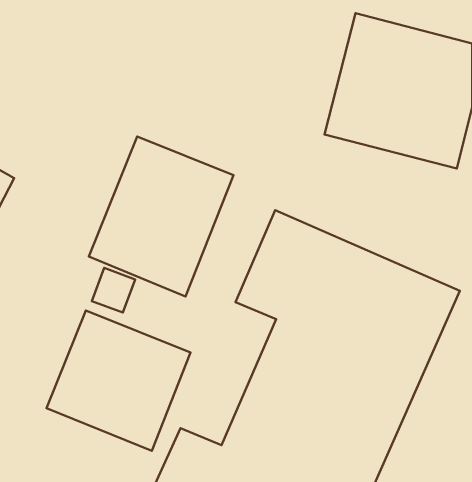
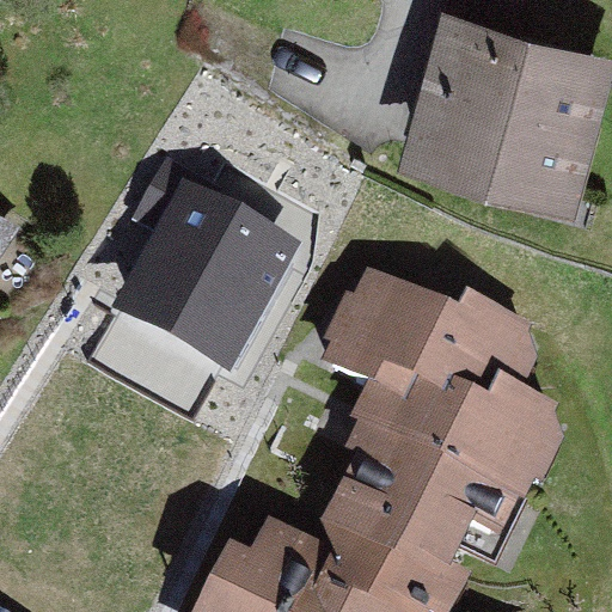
building: [47,311,190,451] -> none

